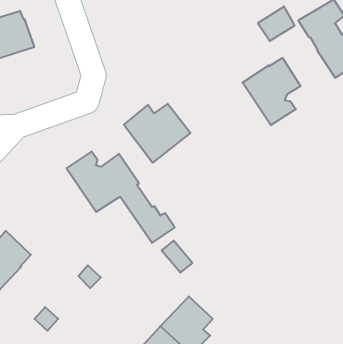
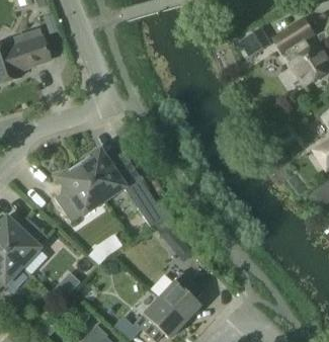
building: [242,58,301,125] -> none
building: [124,104,190,163] -> none
building: none -> [54,164,102,223]

